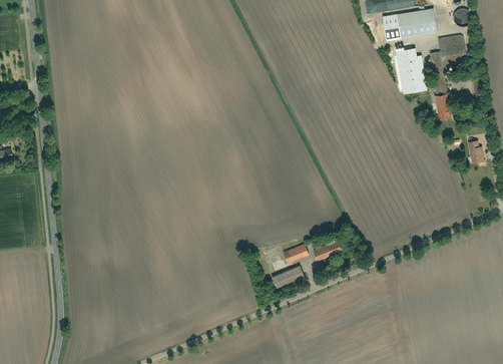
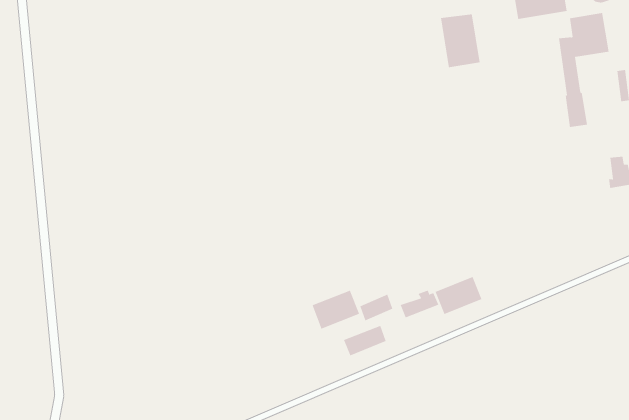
building: [397,53,427,93] -> [440,14,481,68]
building: none -> [435,276,482,315]
building: none -> [312,290,360,329]

